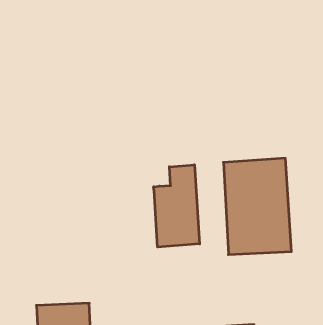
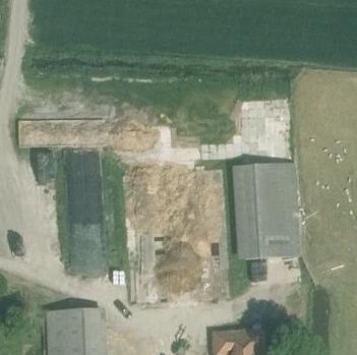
building: [154,165,200,247] -> none

